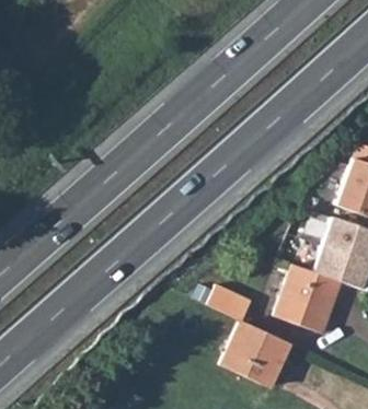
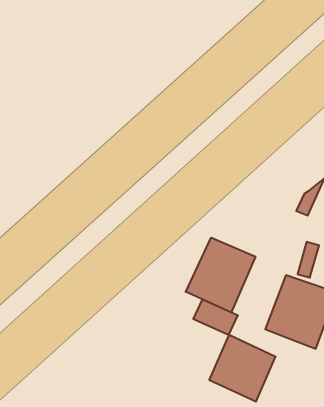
building: none -> [186,238,255,312]

